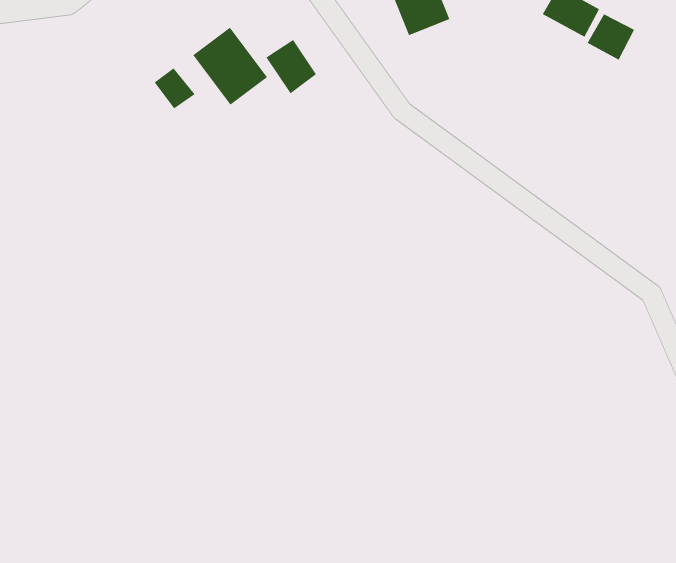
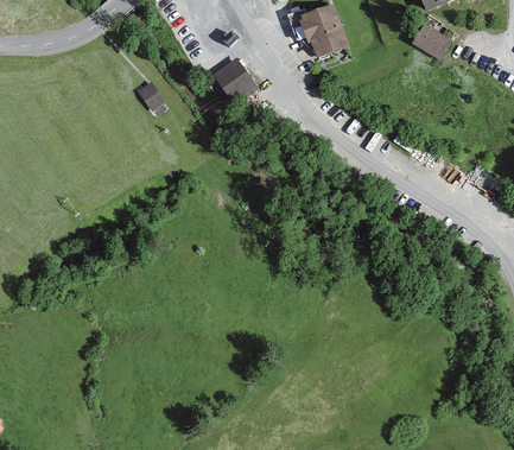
building: [587,14,635,60] -> none
building: [193,27,268,105] -> none

